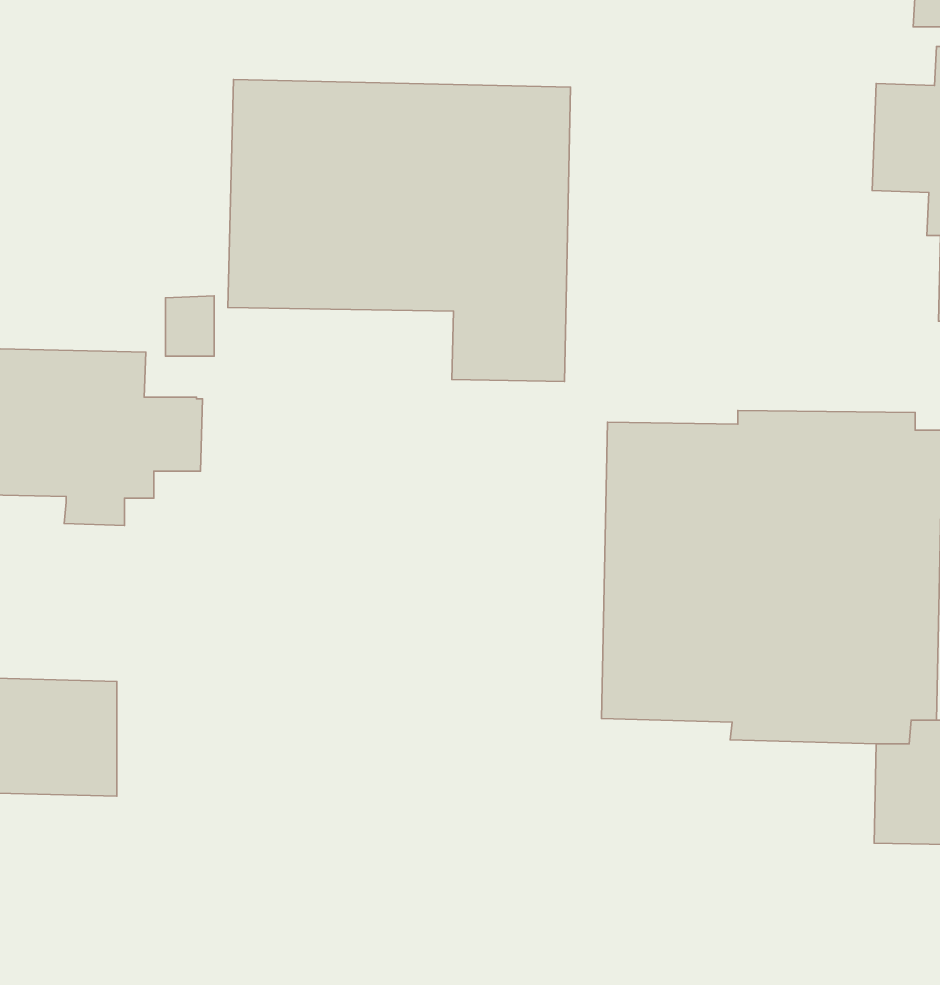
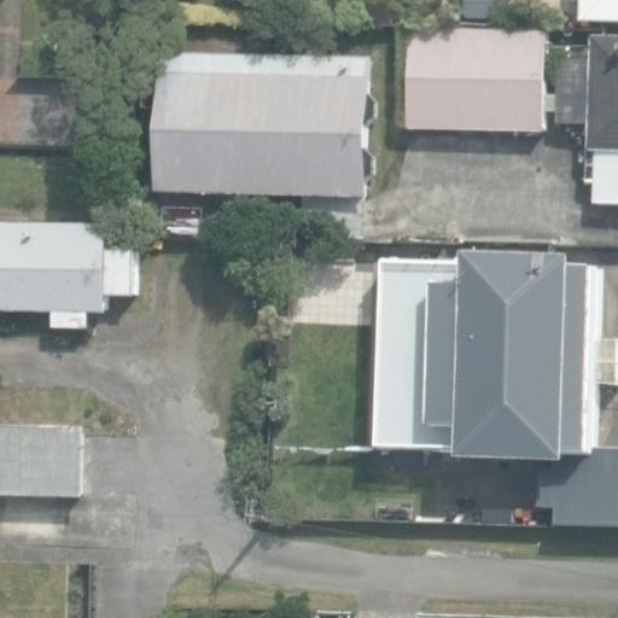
building: none -> [408,28,542,129]

